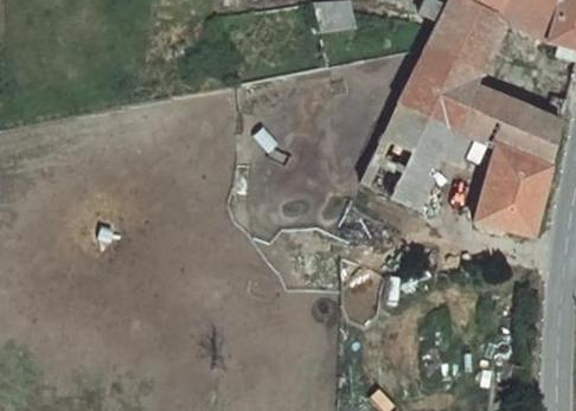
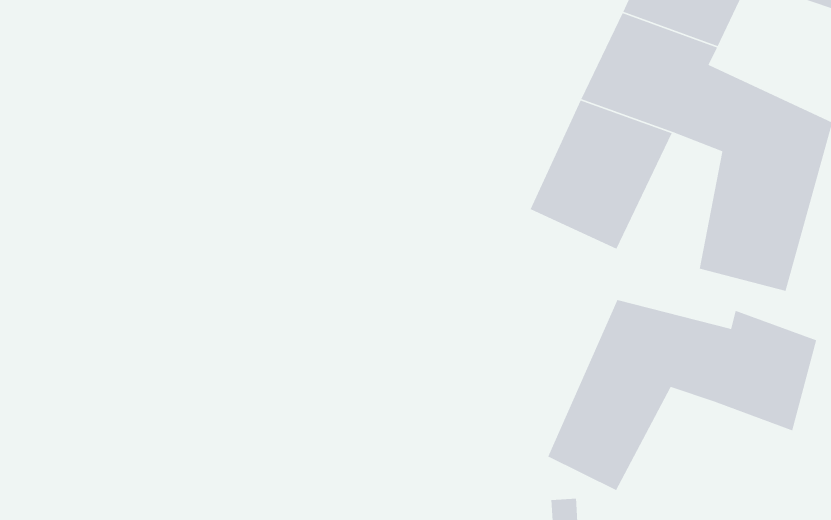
building: none -> [547,299,817,491]

